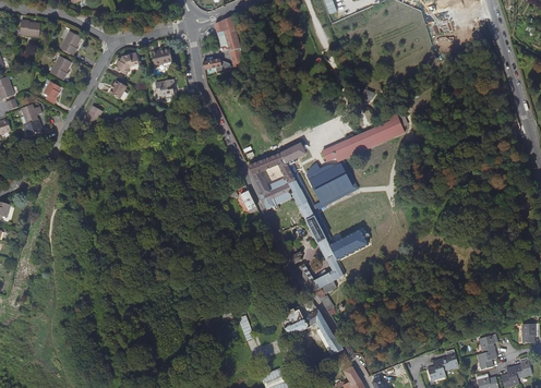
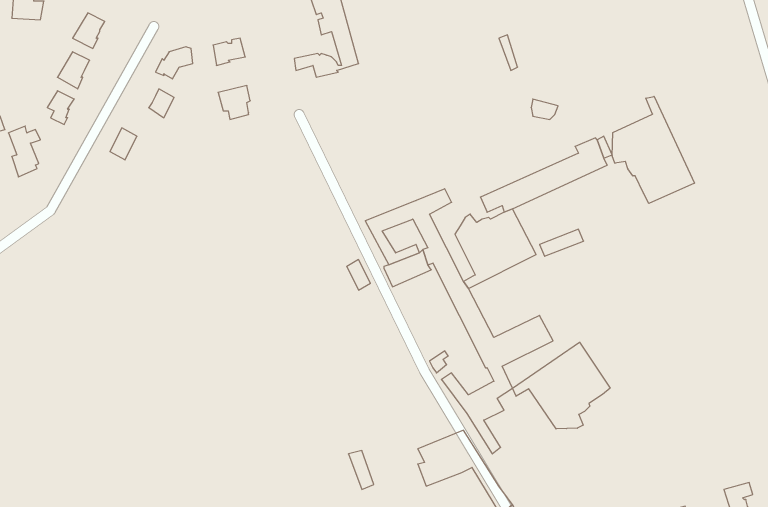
building: none -> [612,96,694,203]
building: none -> [512,342,610,429]

